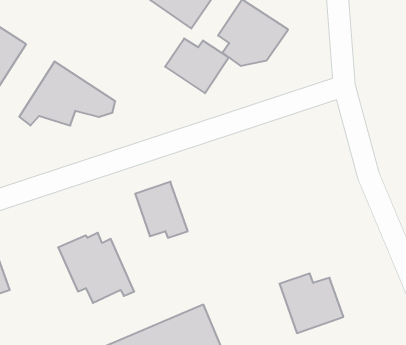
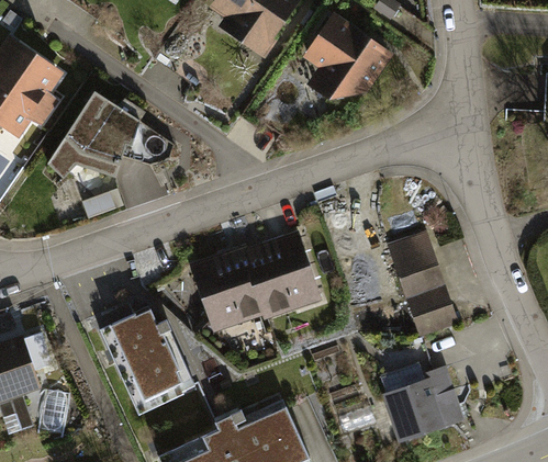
building: [165,38,229,93] -> none
building: none -> [388,232,443,294]
building: none -> [243,233,315,315]
building: none -> [406,286,457,335]

